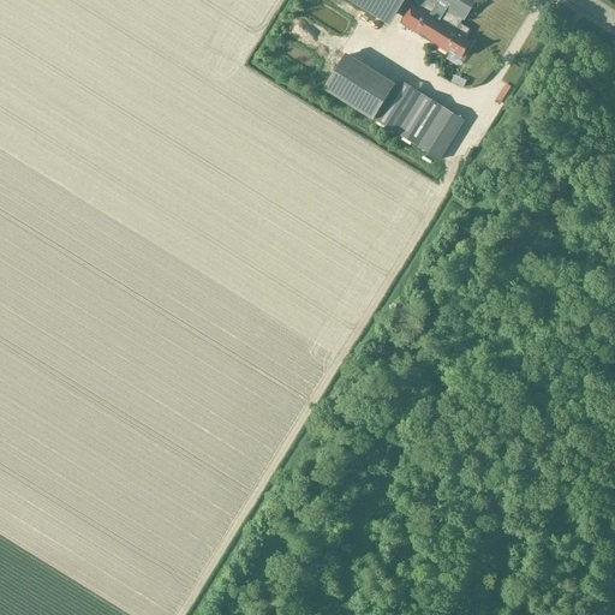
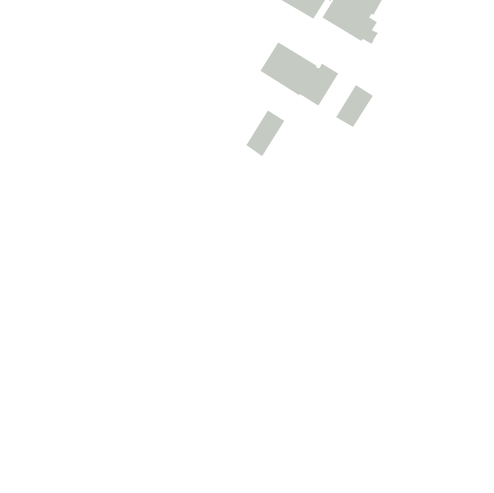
building: [395,91,441,145] -> none
building: none -> [246,110,285,157]

